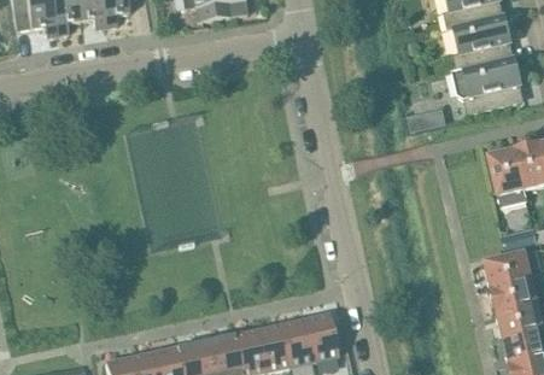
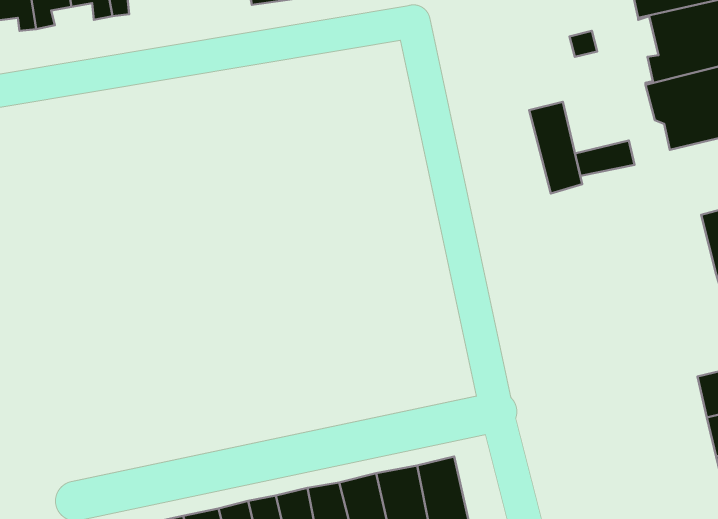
building: none -> [529,102,582,193]

